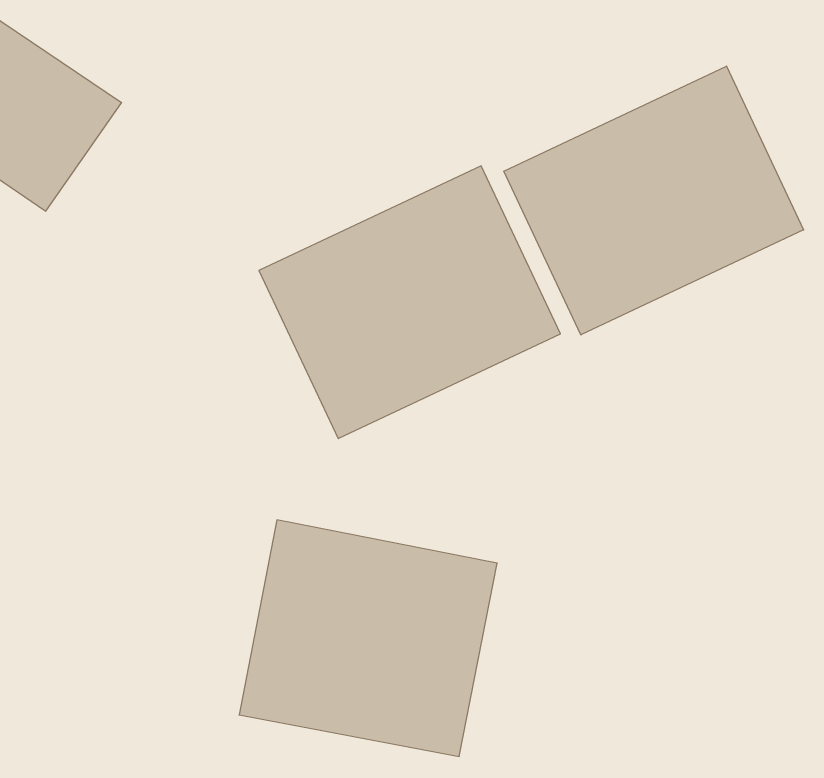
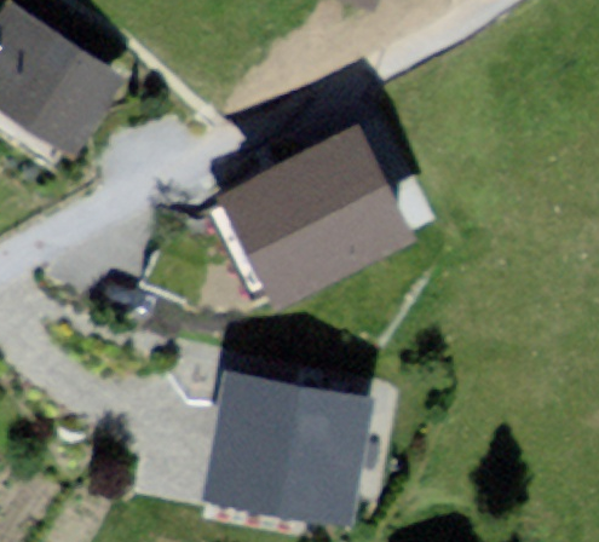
building: [504,66,804,335] -> none

